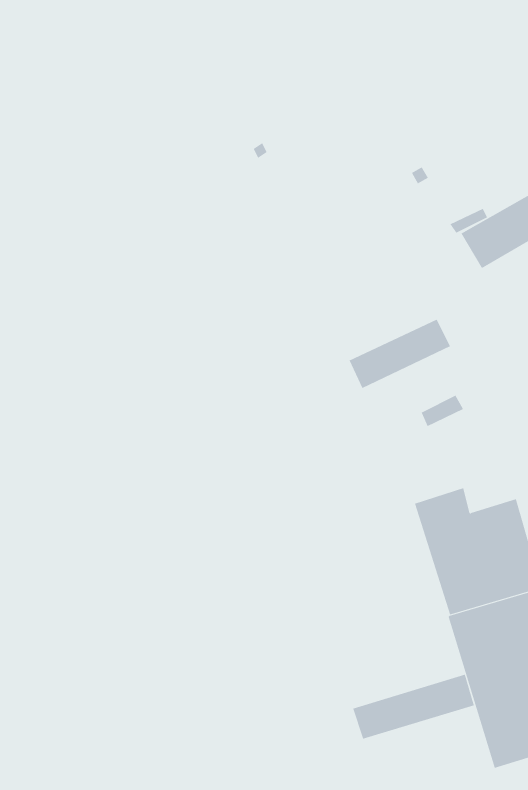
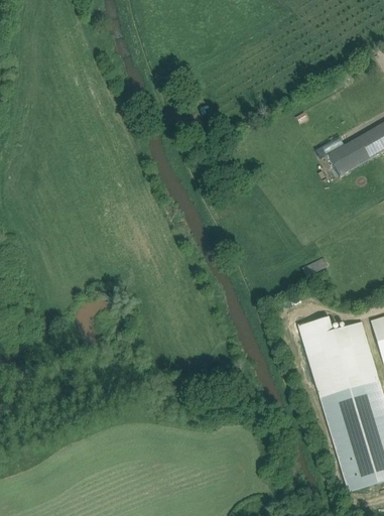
building: [349,319,451,389] -> none
building: [352,674,475,739] -> none

